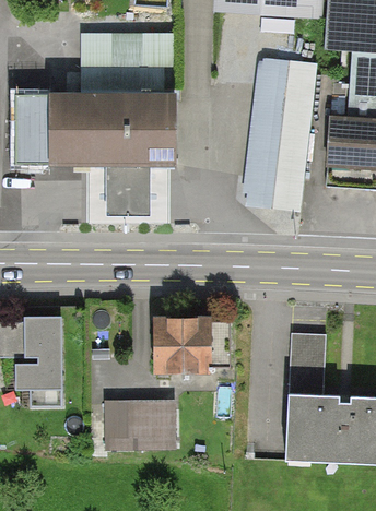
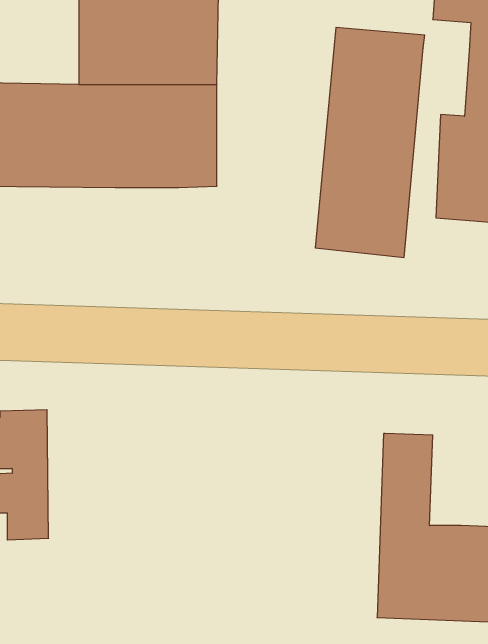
building: [105,164,149,215] -> none
building: [152,316,228,373] -> none
building: [105,400,172,449] -> none

